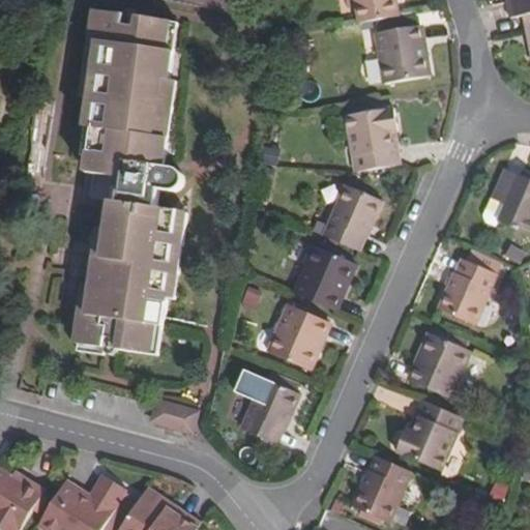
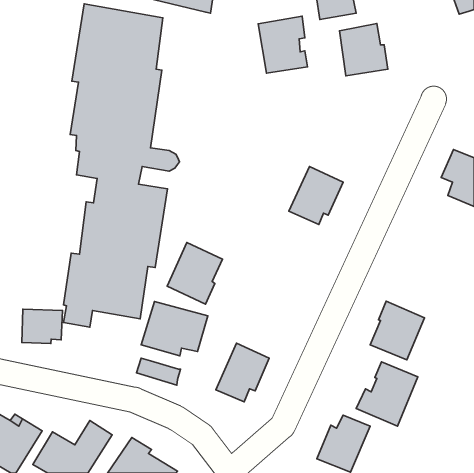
building: [344,109,399,172] -> [258,16,308,73]
building: [293,245,356,310] -> none
building: [438,262,497,326] -> none
building: [266,303,327,372] -> [167,242,222,304]
building: none -> [141,301,208,356]
building: none -> [22,309,63,344]

